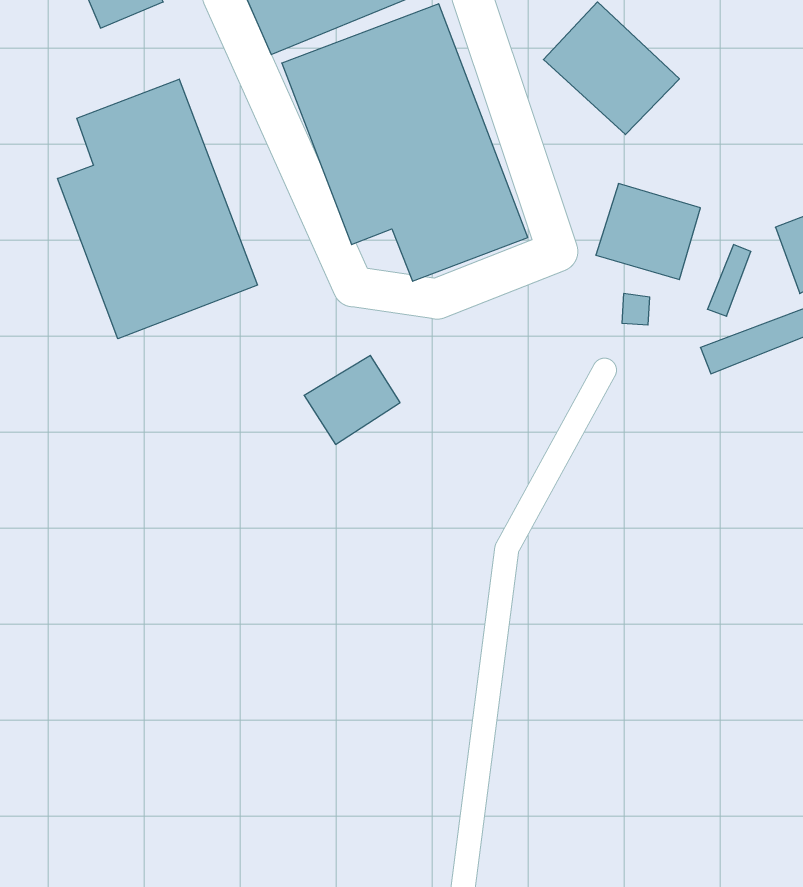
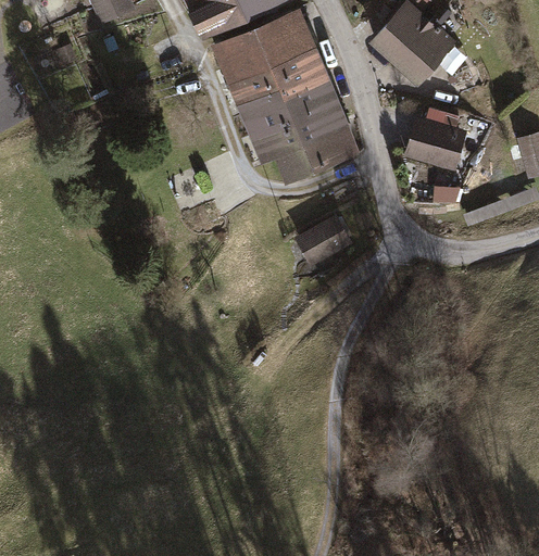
building: [58,79,258,339] -> none
building: [304,355,400,444] -> [291,214,351,269]

